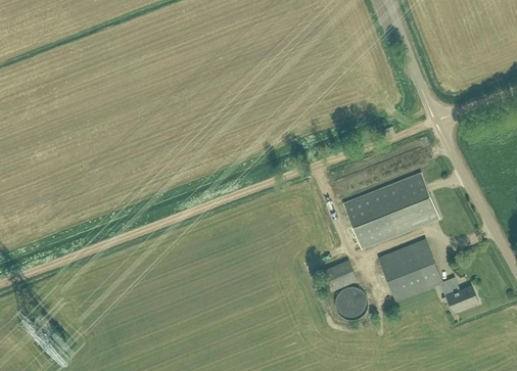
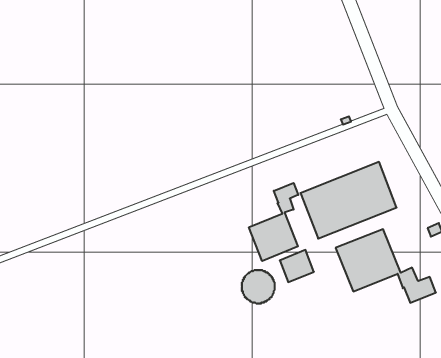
building: none -> [249,183,298,261]
building: [335,286,368,319] -> [242,270,275,303]

